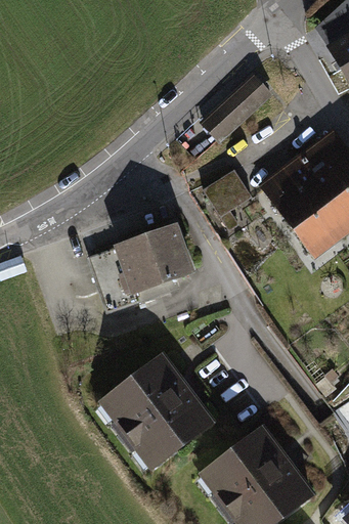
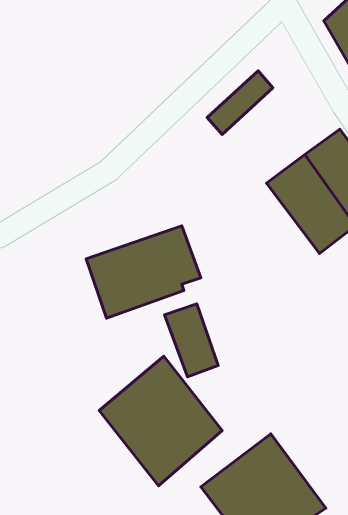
building: [201,168,251,216] -> none
building: none -> [165,304,218,377]

